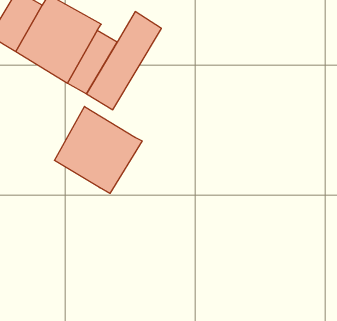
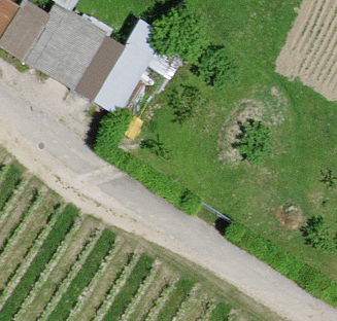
building: [54,106,142,193] -> none

